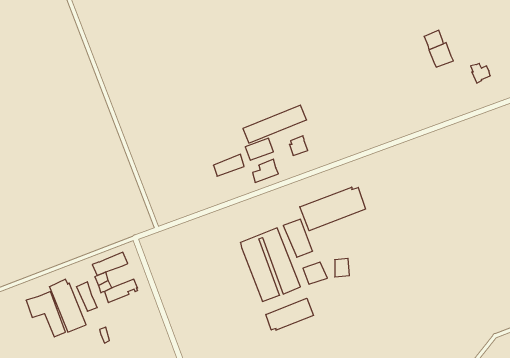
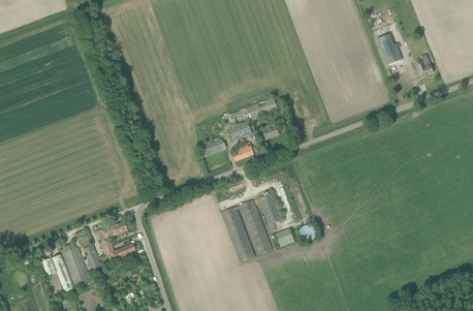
building: [300,187,365,231] -> none
building: [266,298,314,330] -> none

